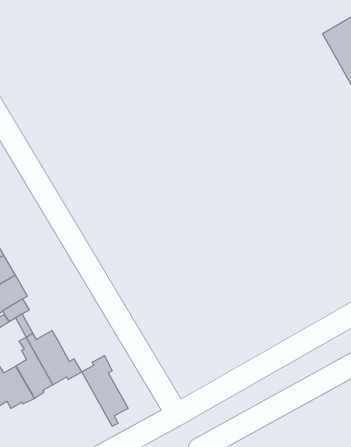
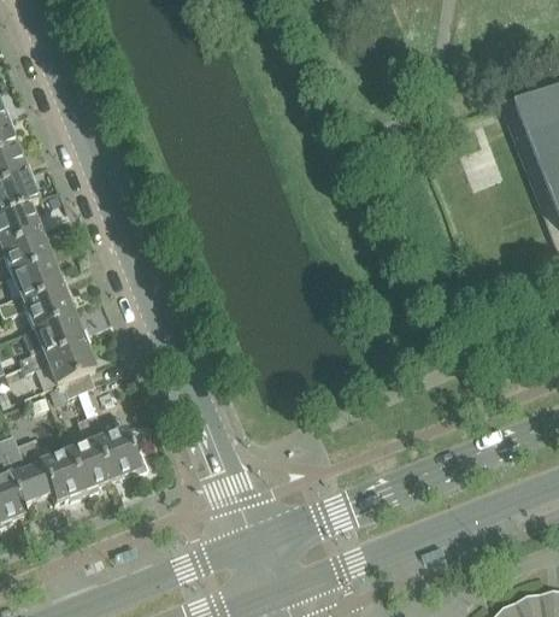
building: [82,356,128,426] -> none

